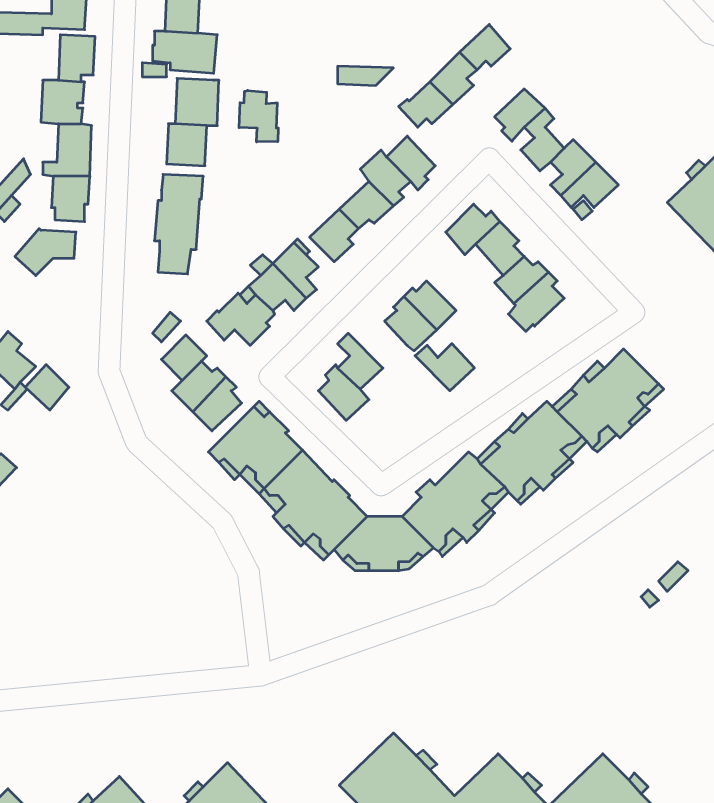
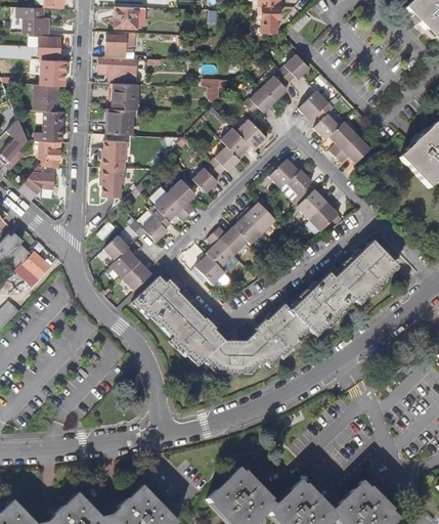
building: [239,90,278,142] -> none
building: [415,344,474,391] -> [214,226,249,254]

